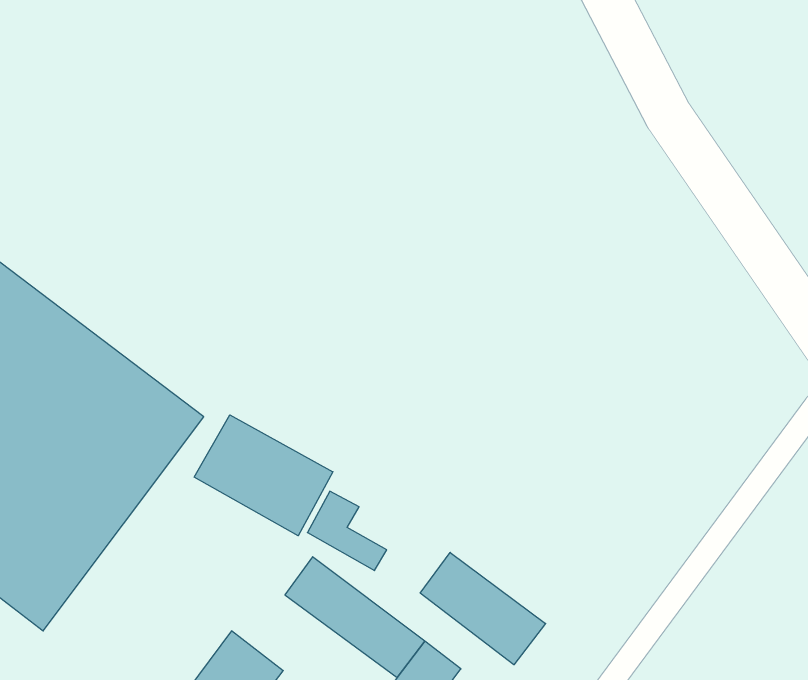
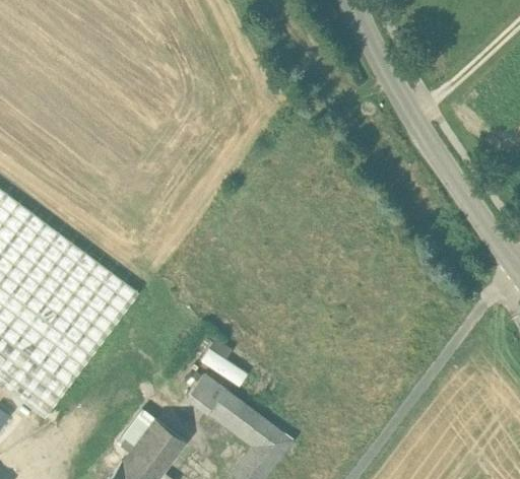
building: [194,415,333,536] -> none
building: [420,552,546,665] -> none

